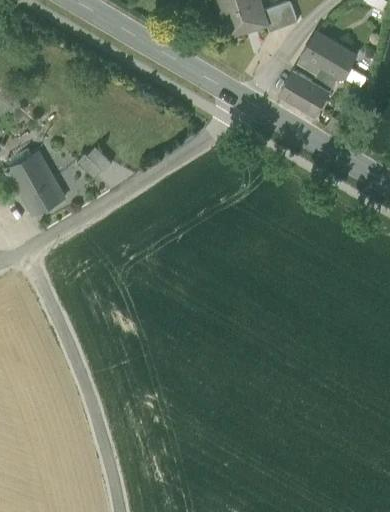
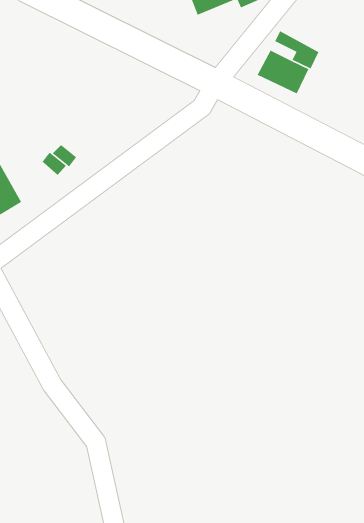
building: [303,32,355,78] -> none

